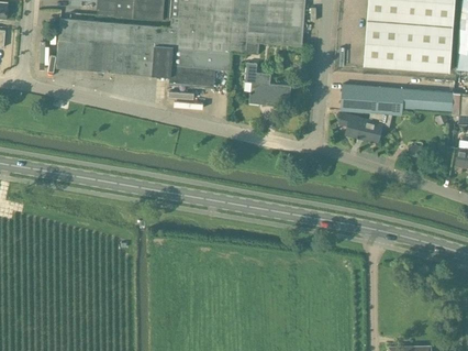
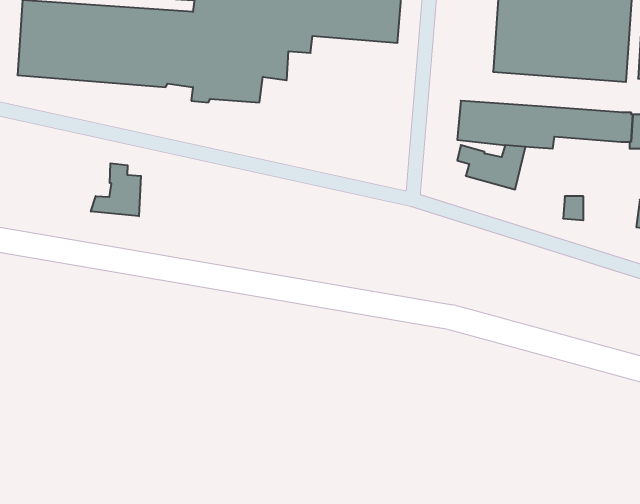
building: [245,64,291,106] -> none
building: none -> [91,163,141,216]

